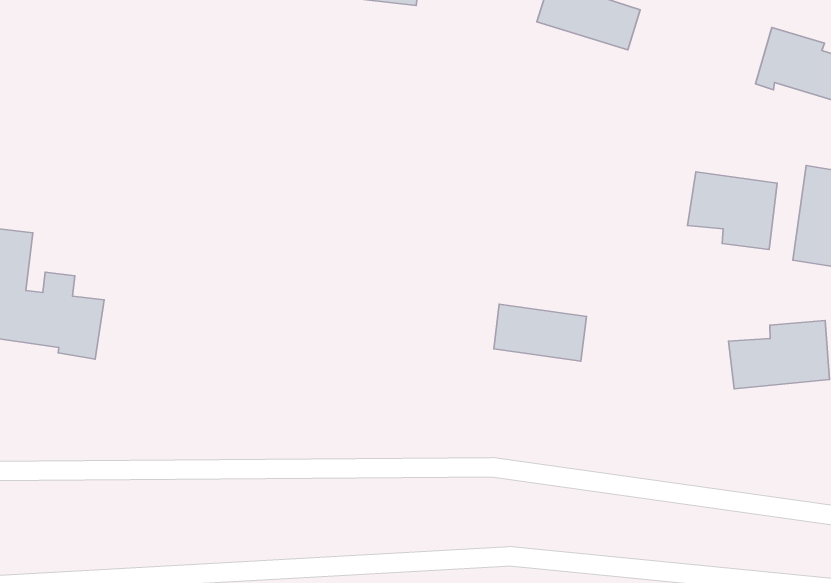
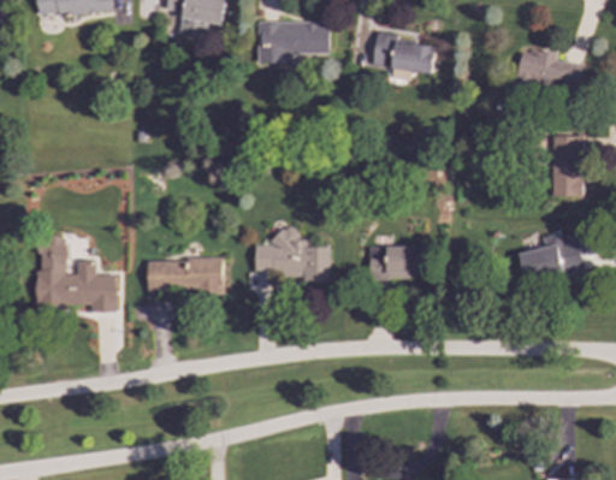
building: [688,172,777,249] -> none
building: none -> [255,230,330,282]
building: none -> [147,257,224,294]

